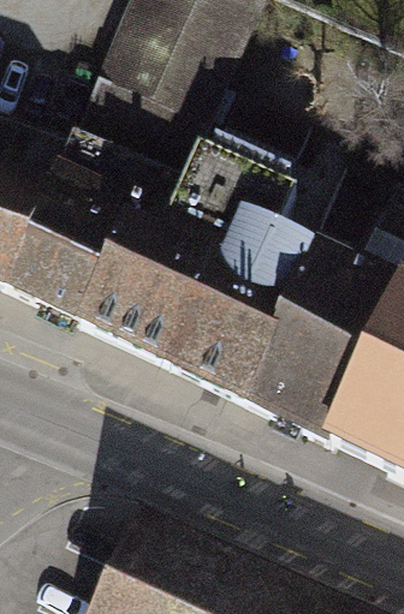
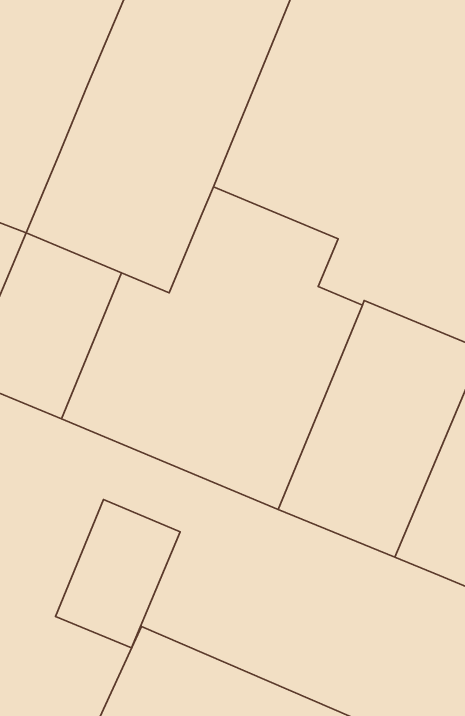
building: none -> [55,500,180,648]

